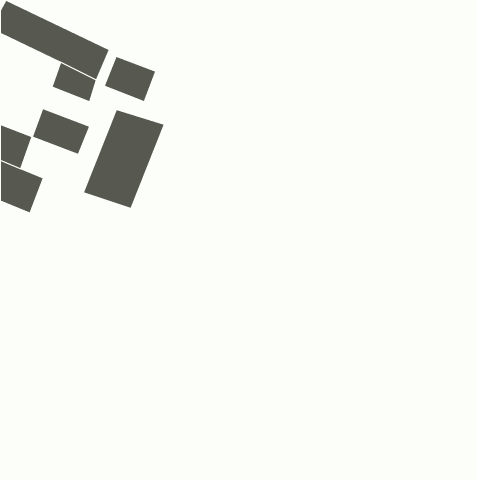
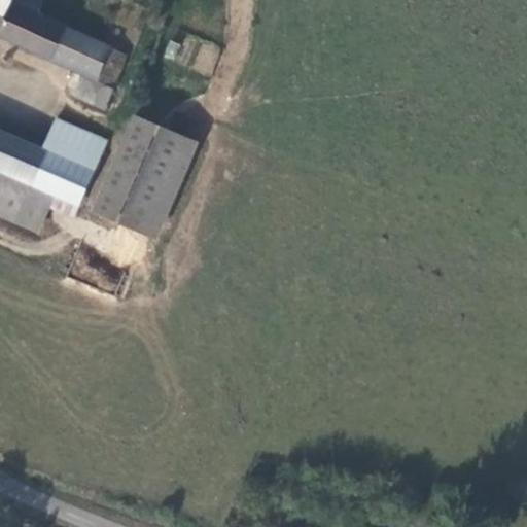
building: [104,56,156,102] -> none
building: none -> [29,149,92,205]

